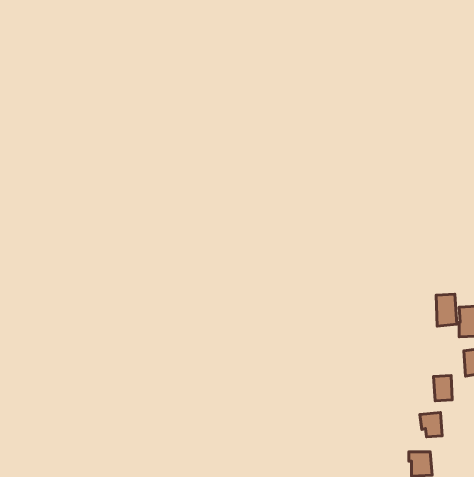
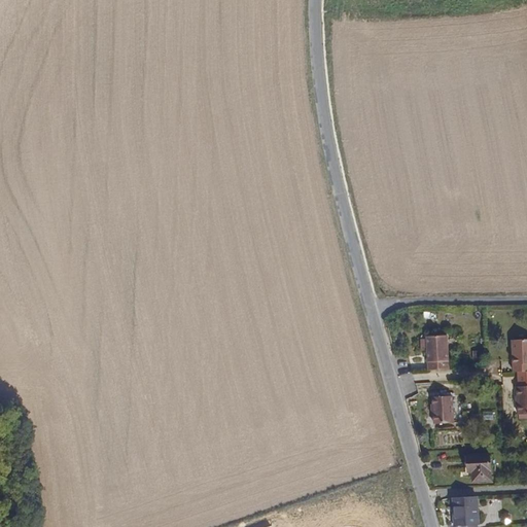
building: [436,294,457,326] -> [424,335,447,370]
building: [433,376,452,401] -> [431,395,452,423]

